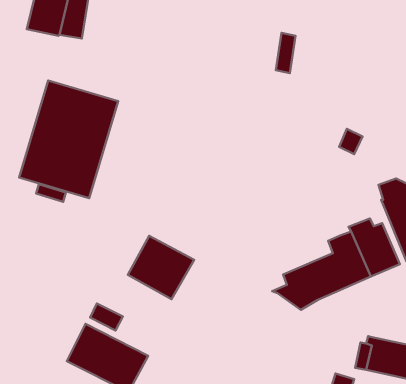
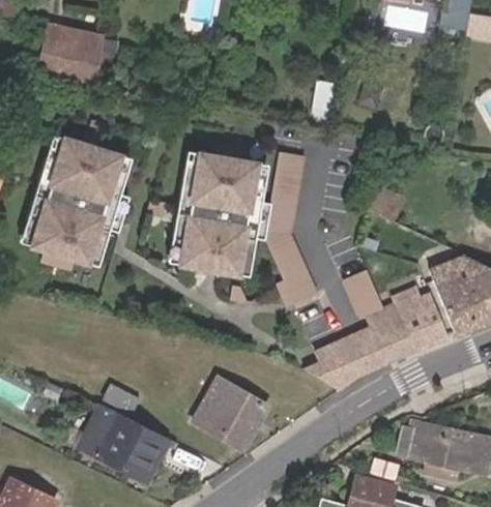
building: none -> [168,148,267,272]
building: none -> [264,151,317,301]
building: none -> [347,273,381,317]
building: [128,236,194,299] -> [195,378,268,448]

